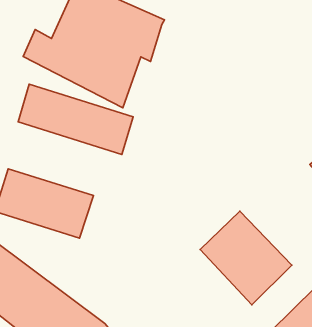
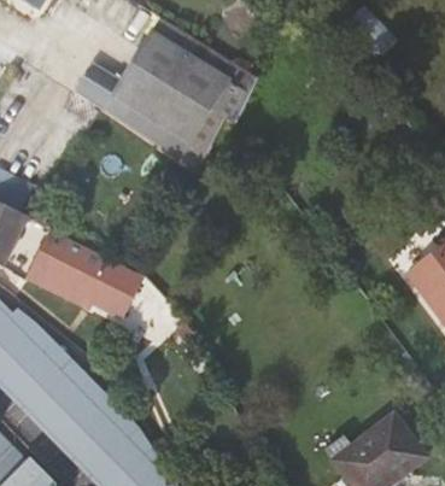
building: [18,84,133,154] -> none
building: [200,211,292,305] -> none

